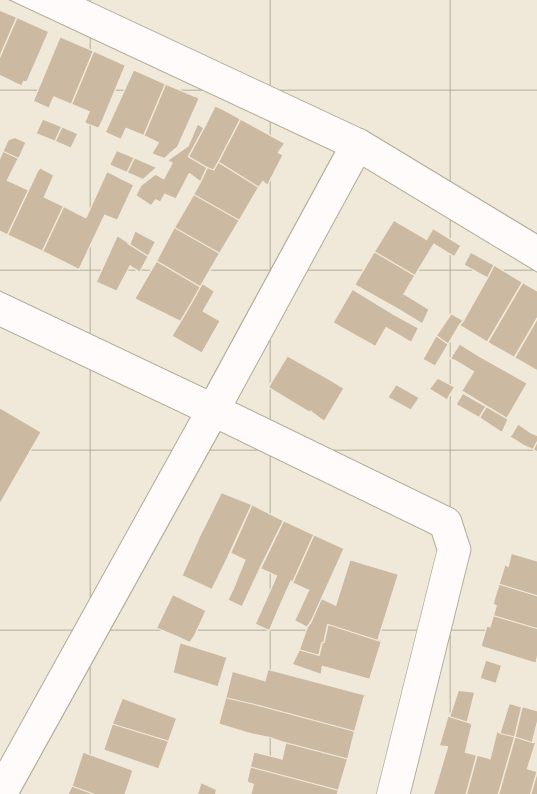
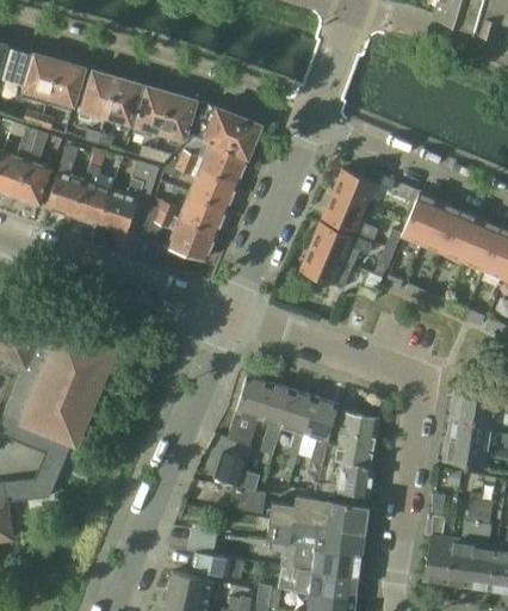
building: [172,283,220,353] -> none
building: [450,344,527,419] -> none
building: [268,356,344,421] -> [301,247,354,290]

